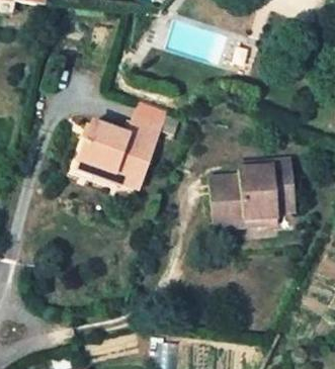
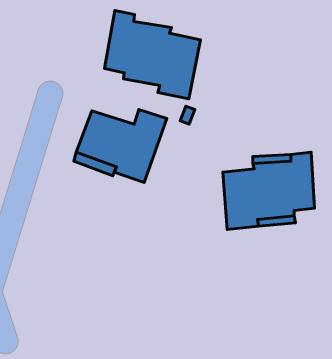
building: none -> [104,10,200,99]

